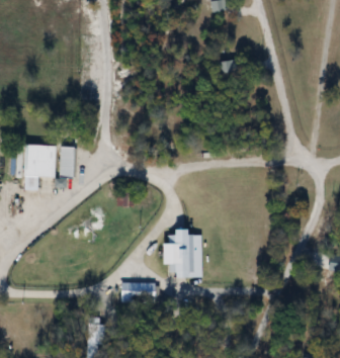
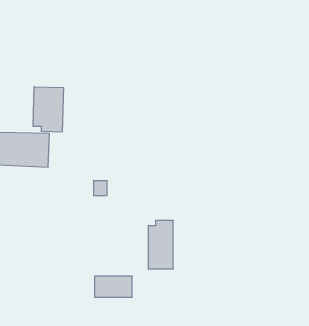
building: none -> [33,87,63,132]

